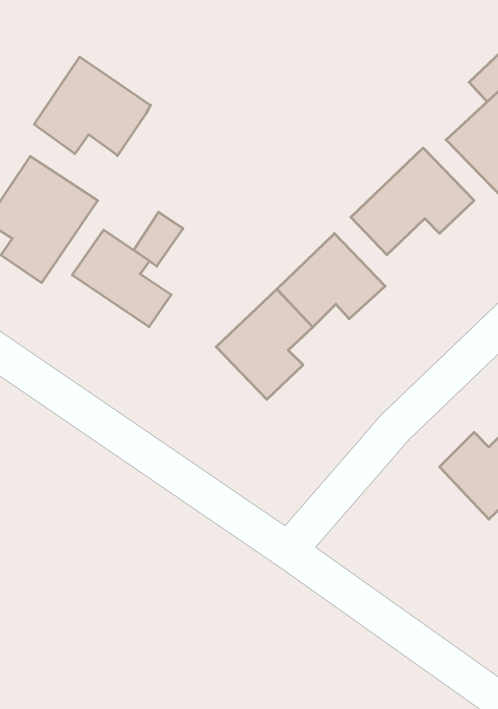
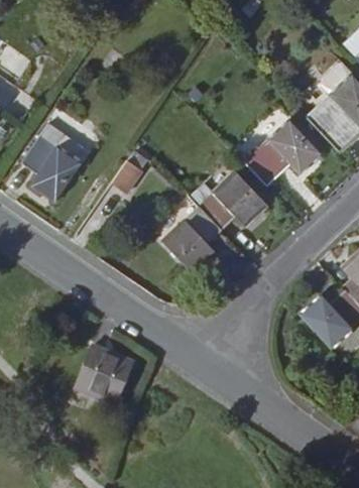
building: [34,57,151,156] -> none
building: [72,230,171,327] -> none
building: none -> [79,346,136,404]

